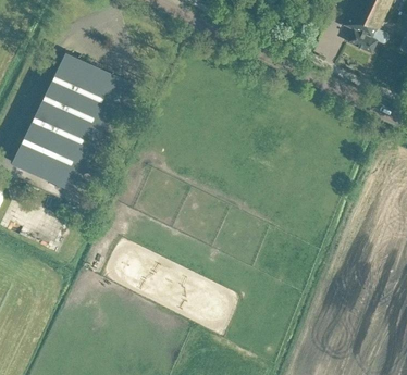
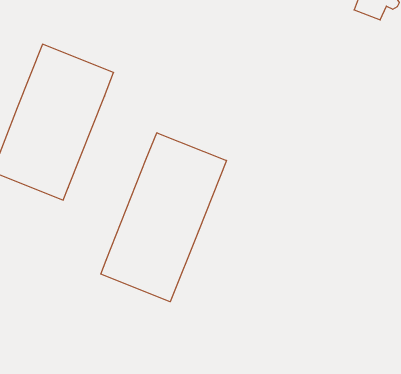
building: none -> [101,133,226,302]

